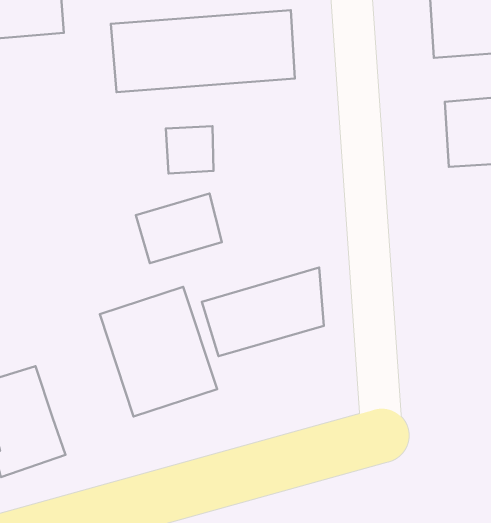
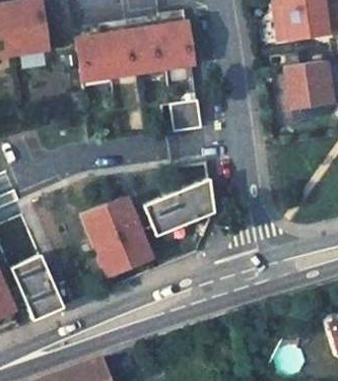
building: [166,126,213,173] -> [167,99,199,130]
building: [136,194,222,263] -> none

